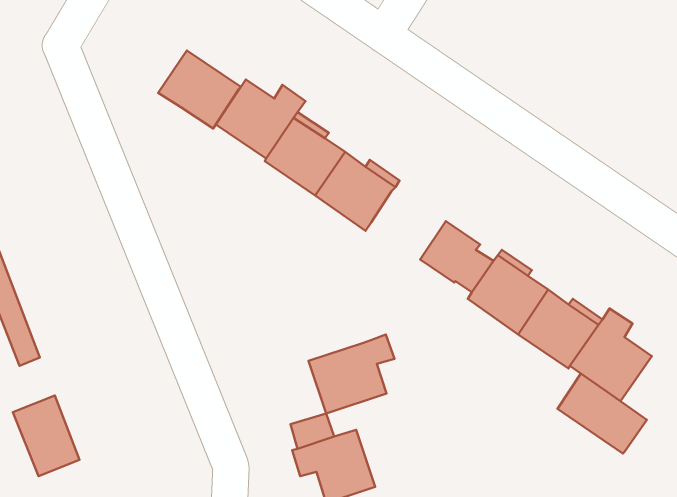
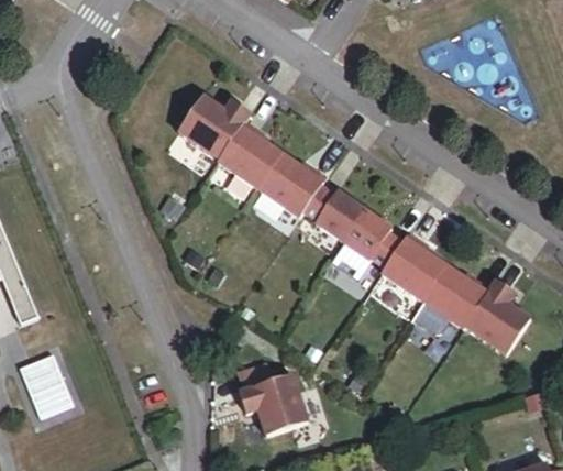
building: [158,51,241,129] -> none
building: none -> [302,184,363,239]
building: [309,334,395,413] -> none
building: [558,374,647,454] -> none

